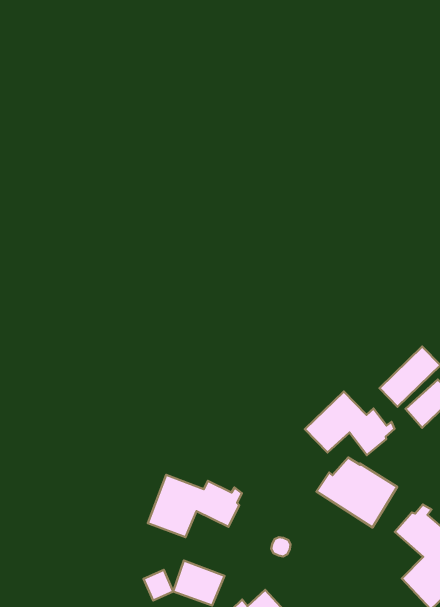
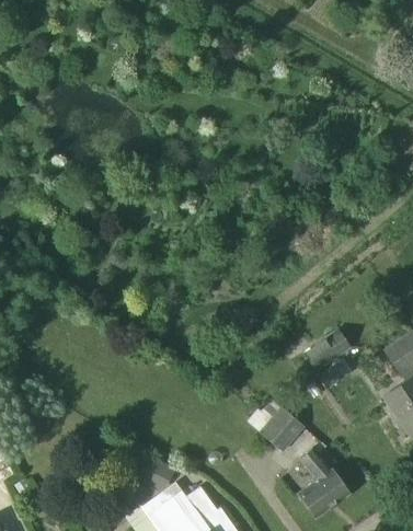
building: [305,391,395,455] -> none
building: [148,475,242,537] -> none

